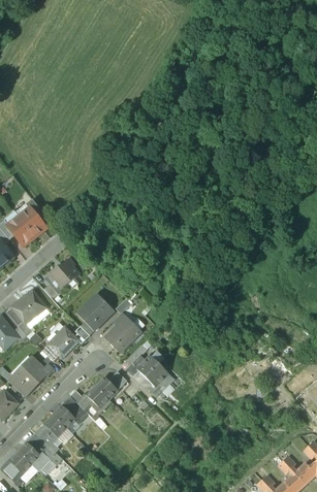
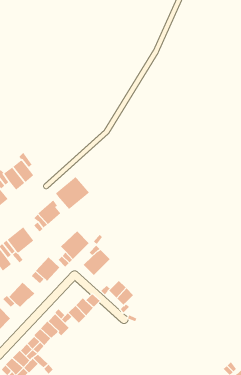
building: none -> [56,176,90,210]

